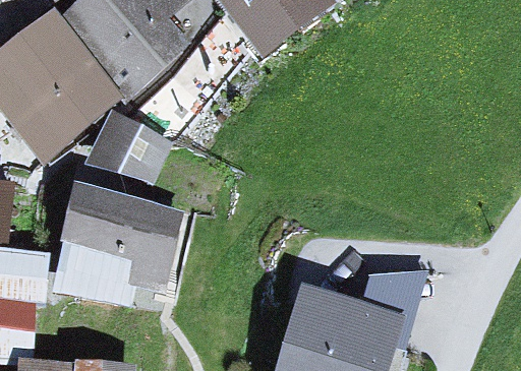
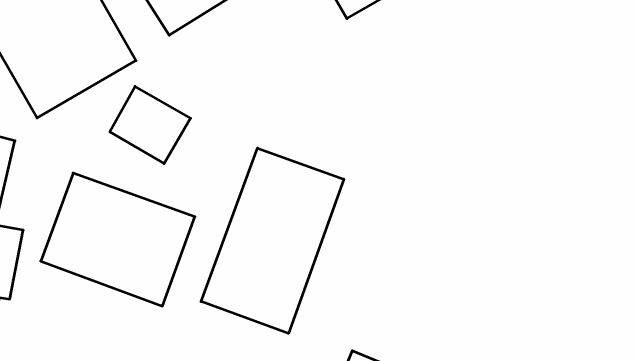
building: none -> [201,148,344,333]

